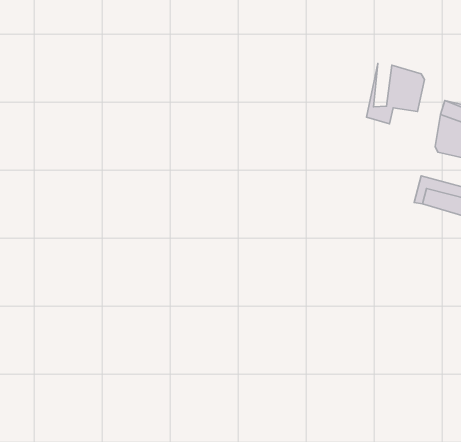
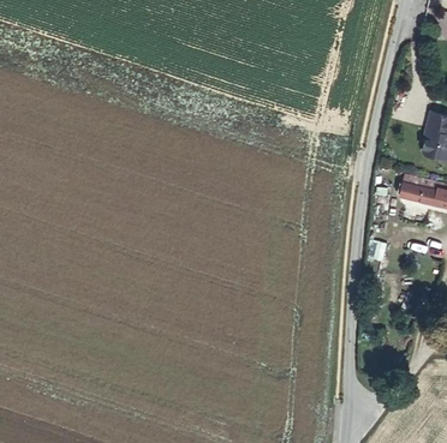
building: [367,63,425,124] -> none

